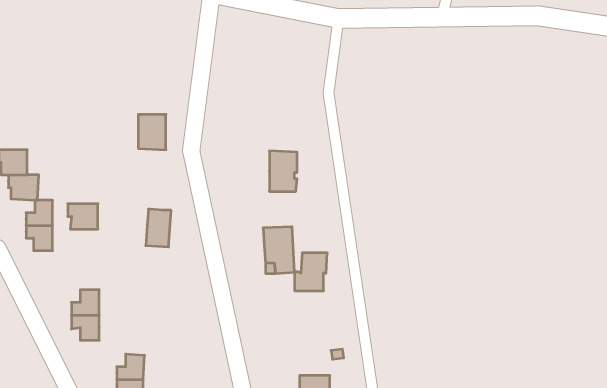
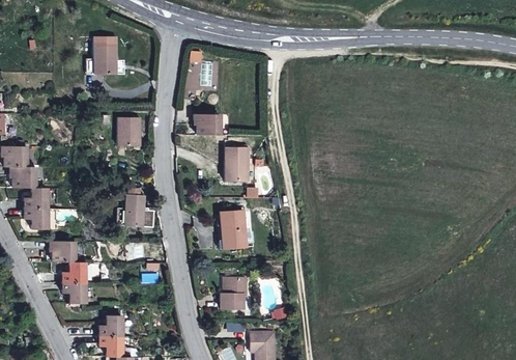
building: none -> [94,36,117,75]
building: none -> [195,114,220,135]
building: [68,204,98,229] -> [51,241,76,261]
building: [295,253,327,291] -> [221,277,248,308]

